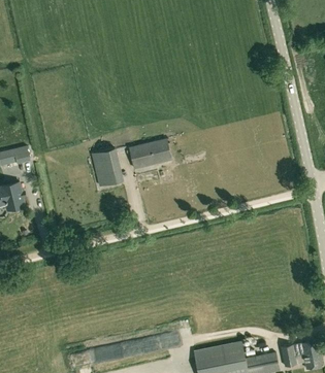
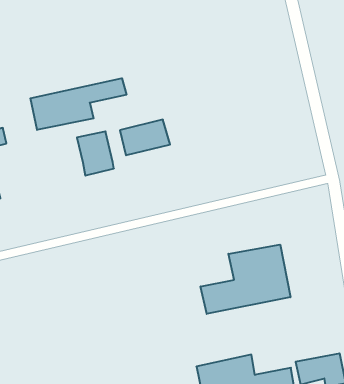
building: none -> [30,78,126,130]
building: none -> [201,245,290,314]

